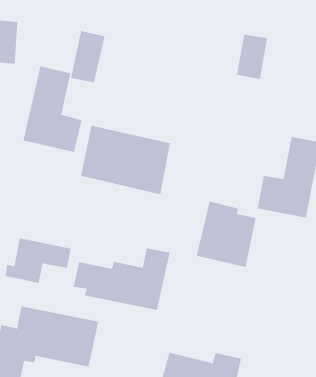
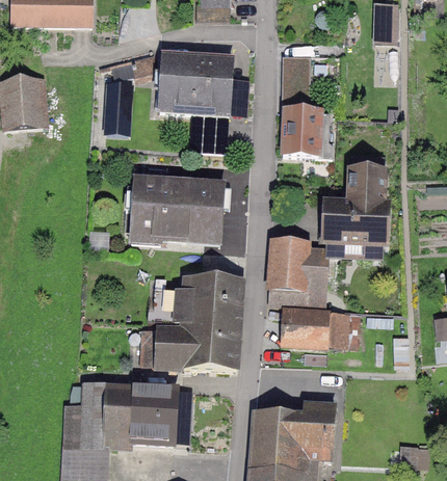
building: none -> [156,55,232,150]
building: [22,65,82,153] -> none
building: none -> [282,108,333,155]
building: [5,237,71,284] -> [174,276,241,323]
building: none -> [283,310,347,346]

